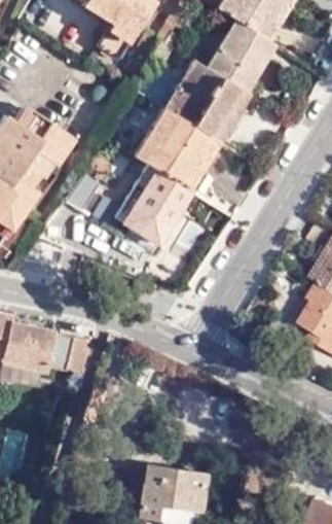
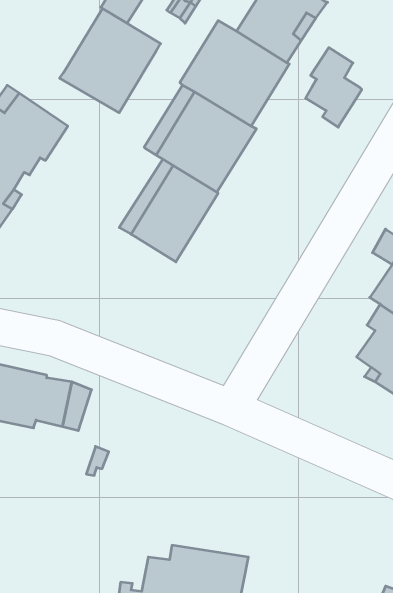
building: none -> [60,8,161,113]
building: none -> [306,48,362,127]

